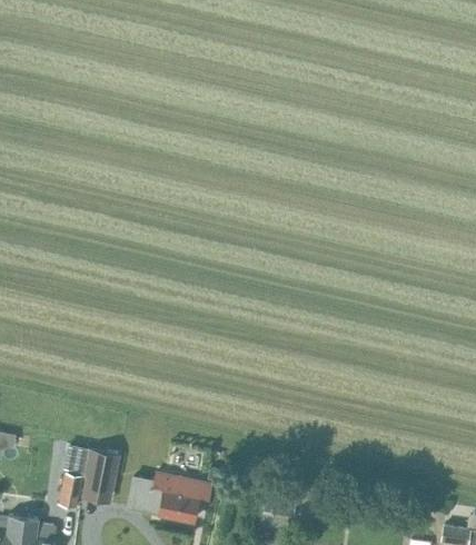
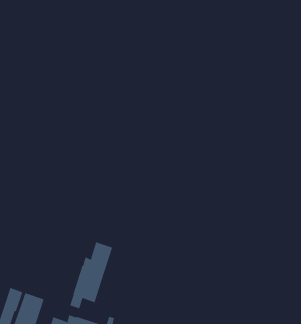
building: none -> [70,241,113,309]

